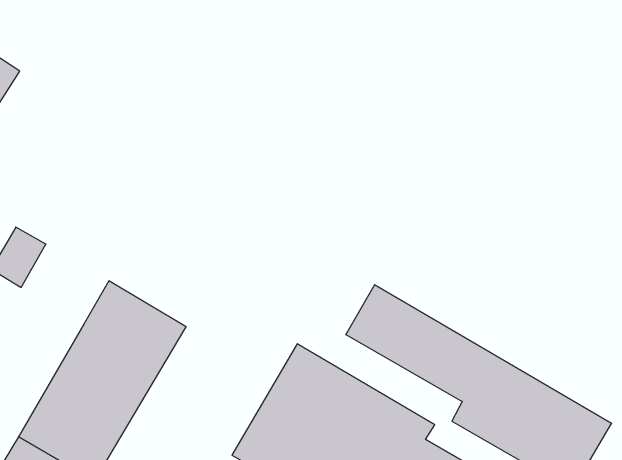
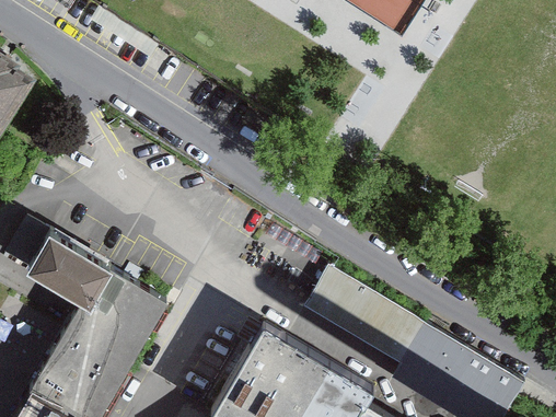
building: none -> [31,233,104,300]

